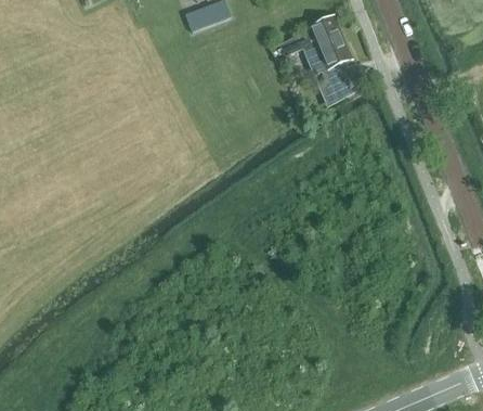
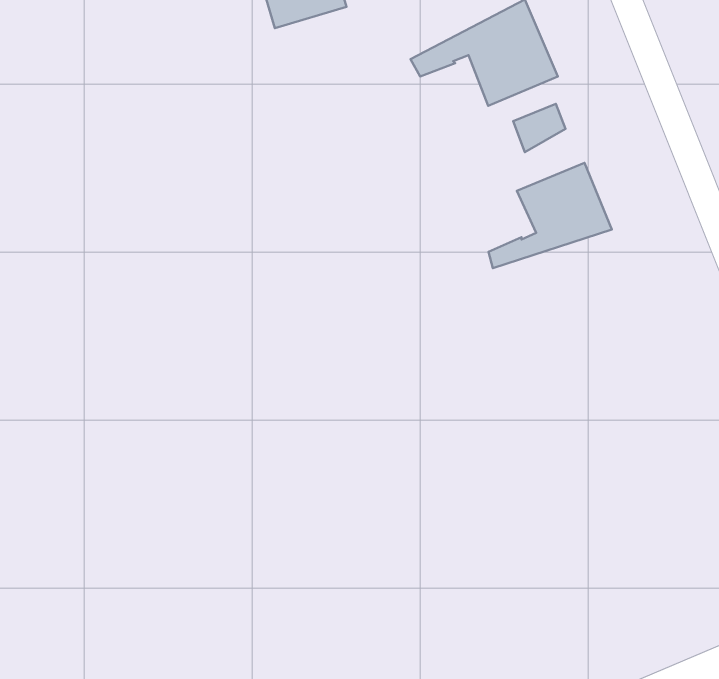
building: none -> [488,163,612,268]

